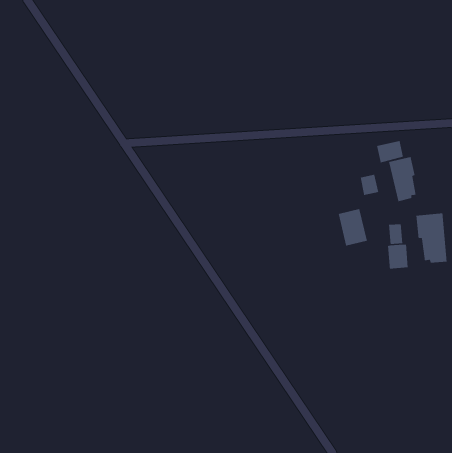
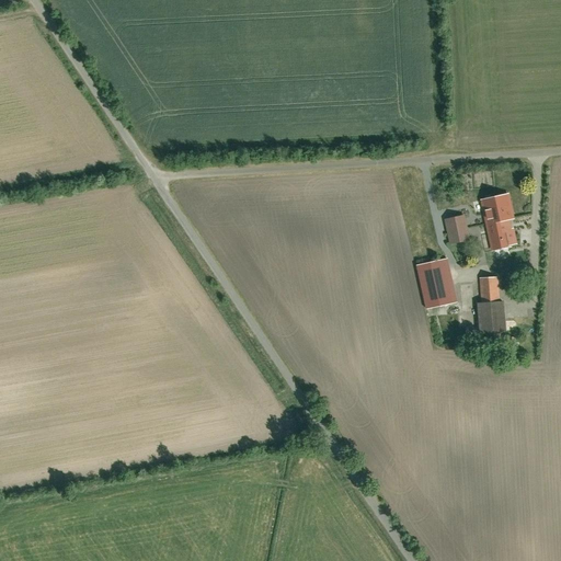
building: [376,140,404,163] -> none
building: [415,213,447,264] -> none

